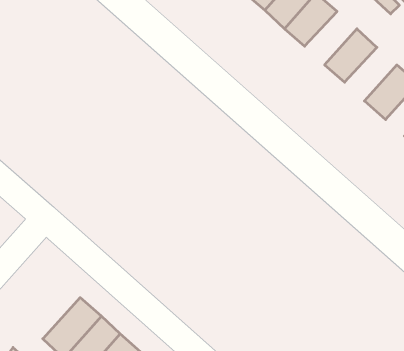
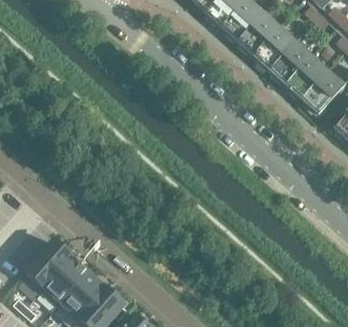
building: none -> [253,26,295,69]
building: none -> [285,55,327,98]
building: none -> [23,241,72,290]

